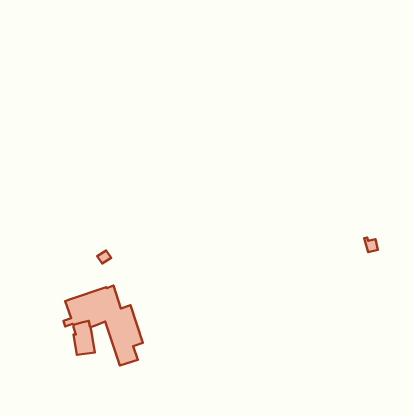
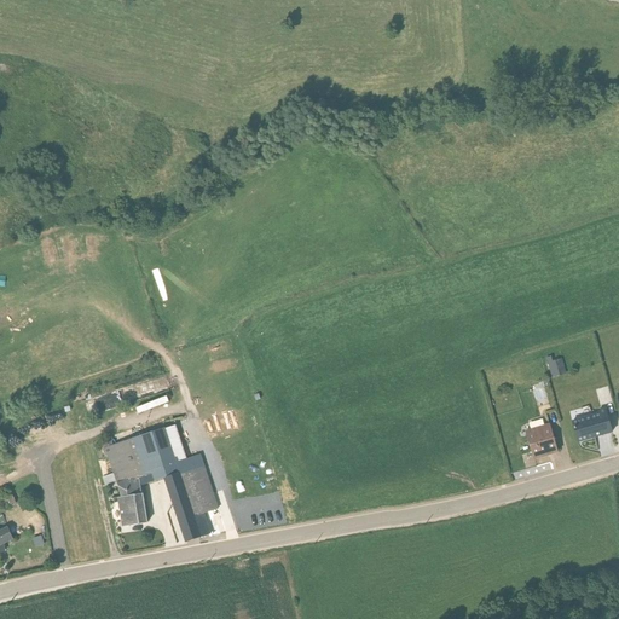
building: none -> [572,405,613,439]
building: none -> [525,421,557,457]

